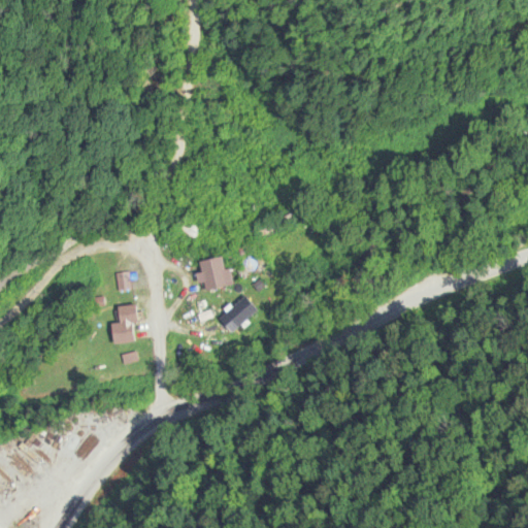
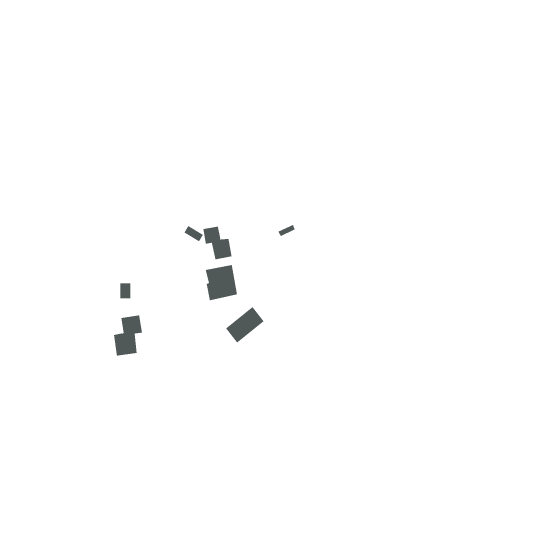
building: none -> [203,226,232,260]

